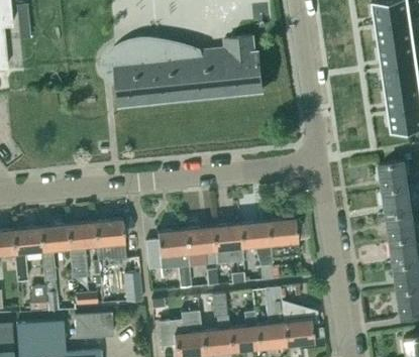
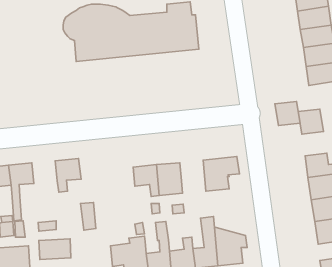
building: [382,188,411,216] -> [275,101,300,126]
building: [239,221,271,264] -> none
building: [67,222,96,276] -> none
building: [145,229,189,285] -> none

